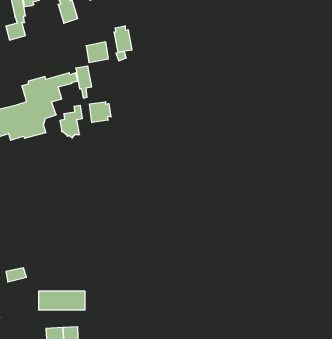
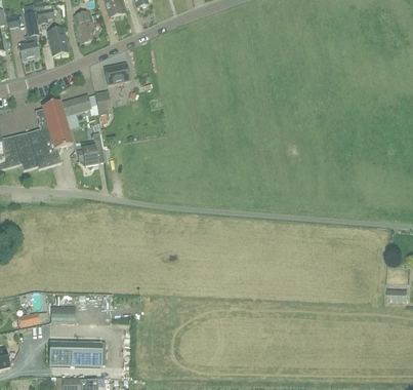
building: none -> [46,26,68,53]
building: [114,26,132,52] -> none
building: [90,102,111,123] -> none

